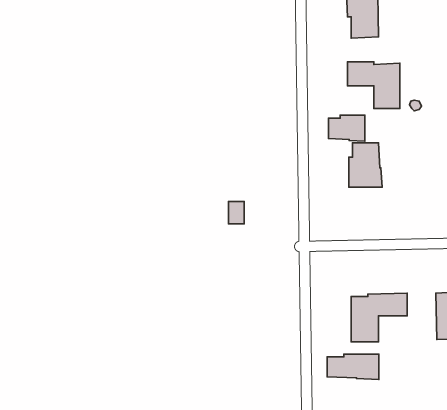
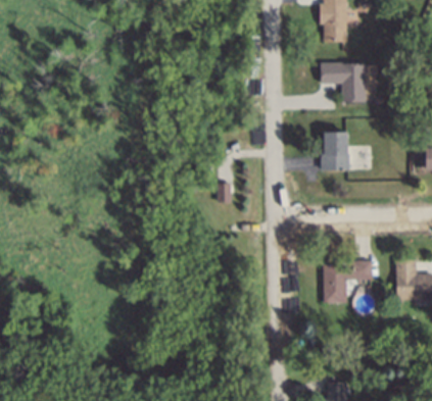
building: [328,115,365,141] -> none
building: [327,354,379,380] -> none

